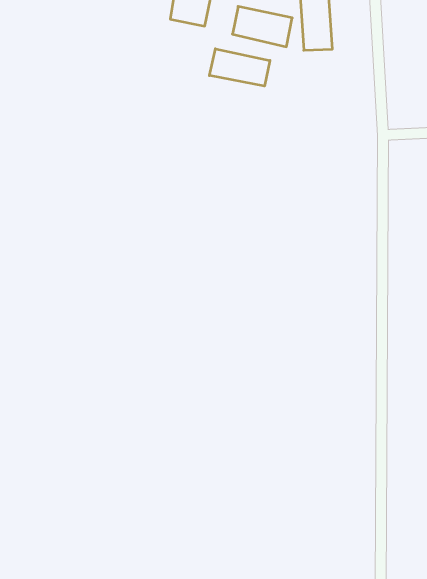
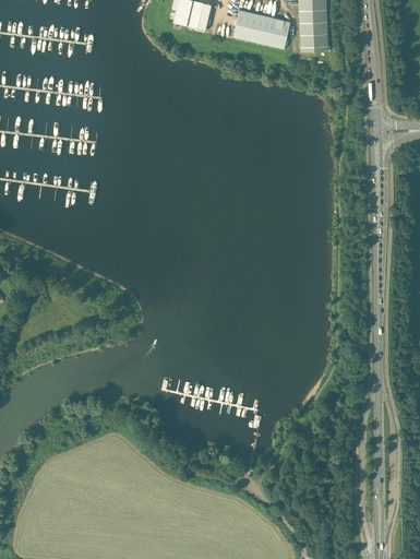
building: [209,49,270,86] -> none

